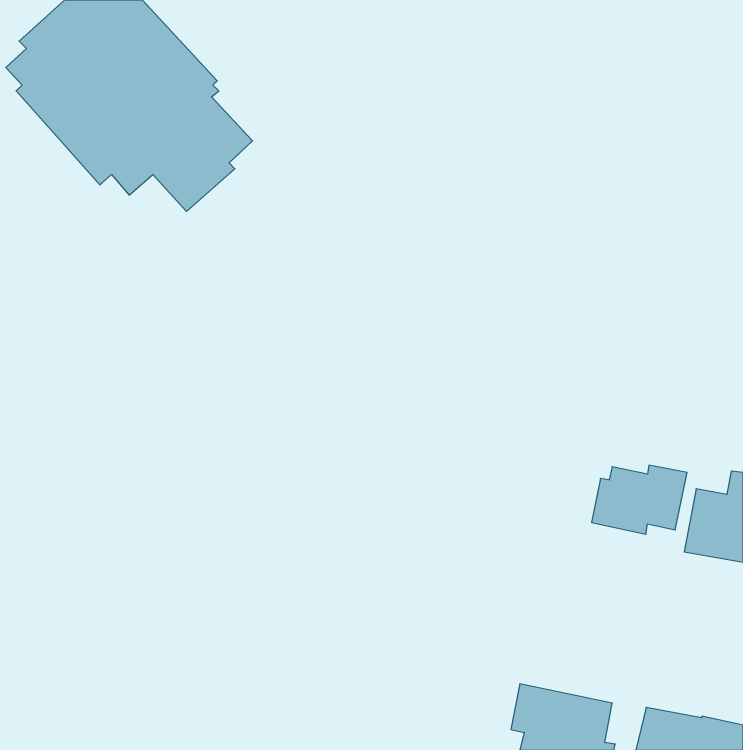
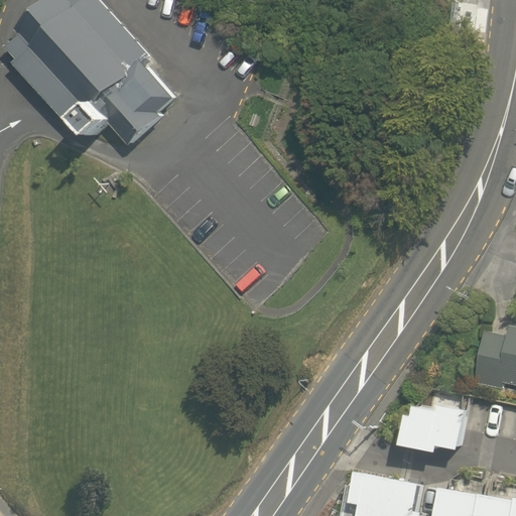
building: [592,465,687,534] -> [400,404,466,452]

